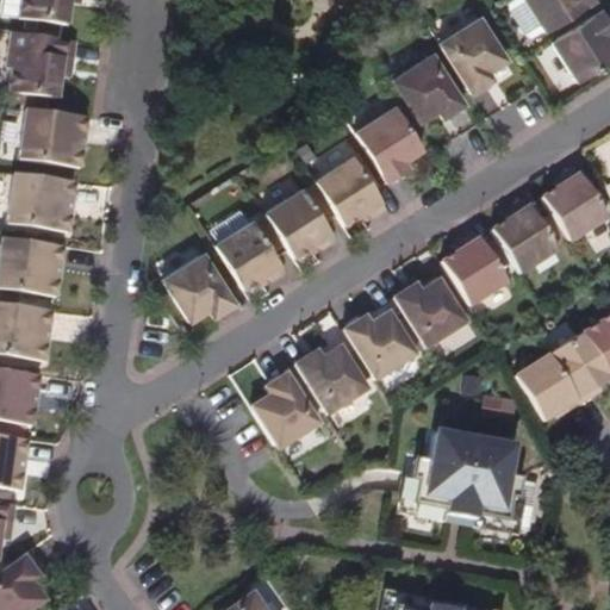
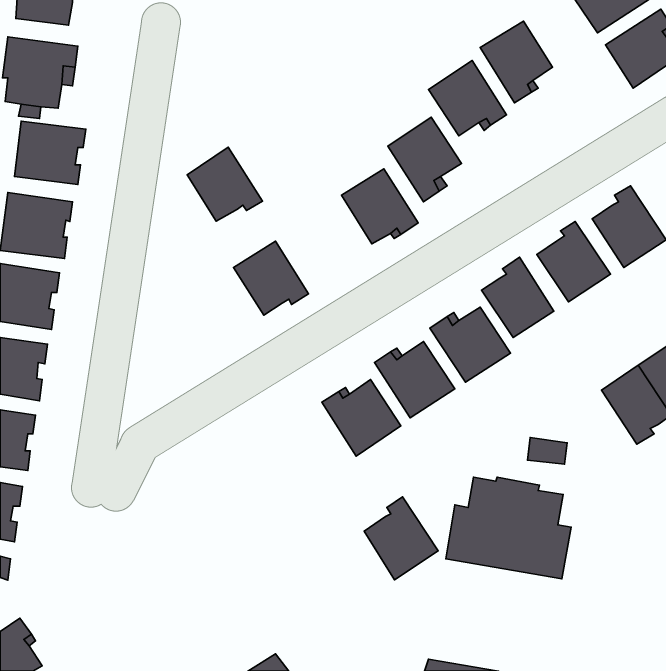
building: [268,185,336,251] -> [187,147,262,221]
building: [170,249,239,316] -> none
building: [516,353,583,419] -> none
building: [254,371,320,446] -> [364,497,438,580]

